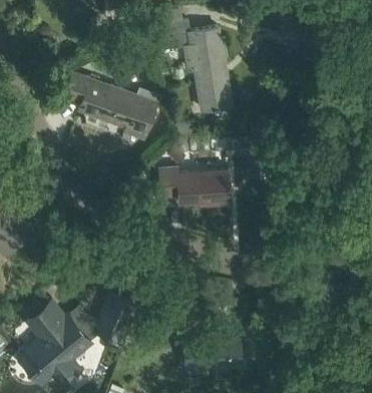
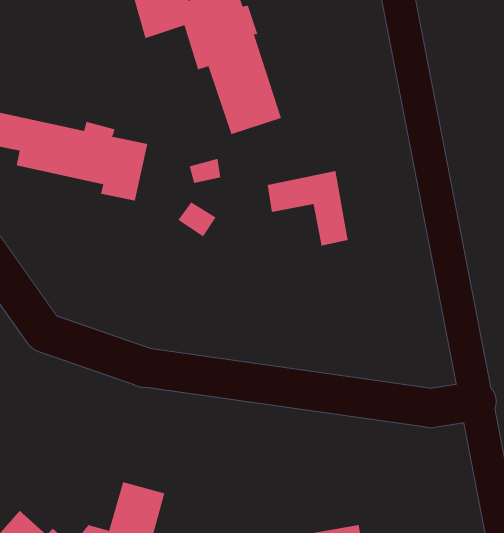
building: [159,166,230,203] -> none

